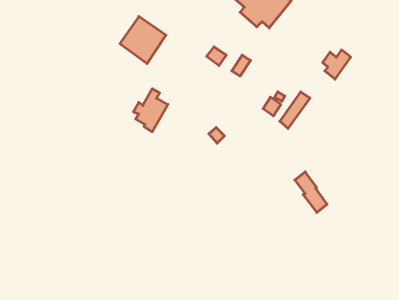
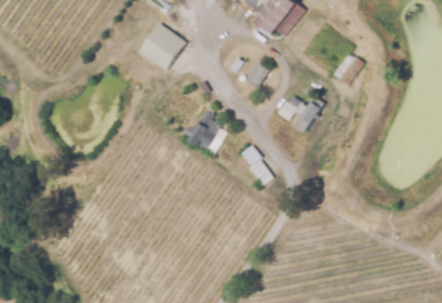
building: [133,89,168,132] -> [187,110,220,151]
building: [295,172,327,213] -> [242,145,273,184]

